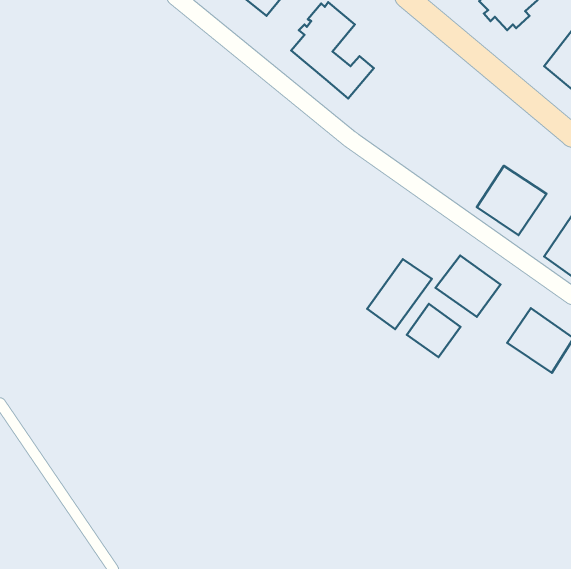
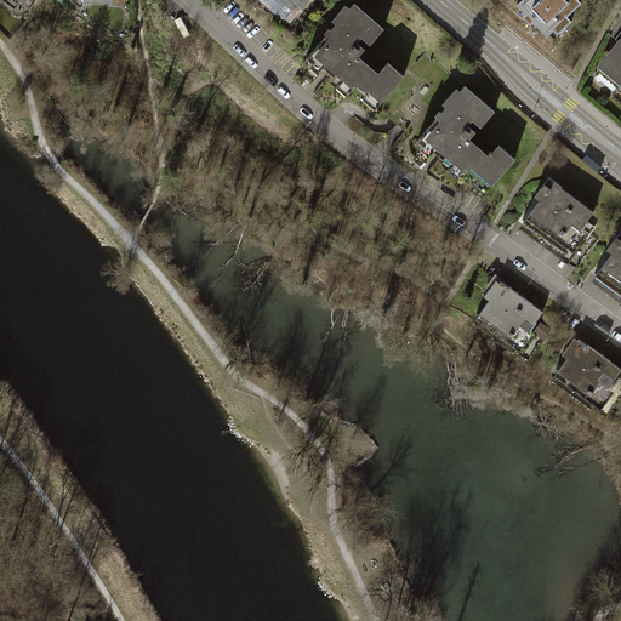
building: none -> [421,84,517,194]
building: [367,259,432,329] -> none
building: [407,304,461,357] -> none

